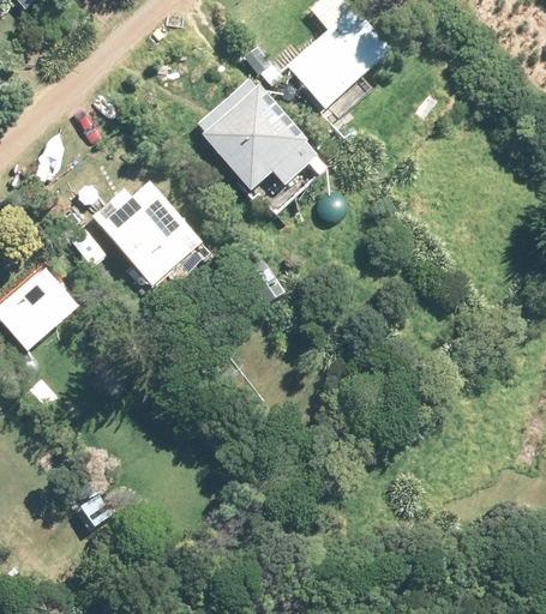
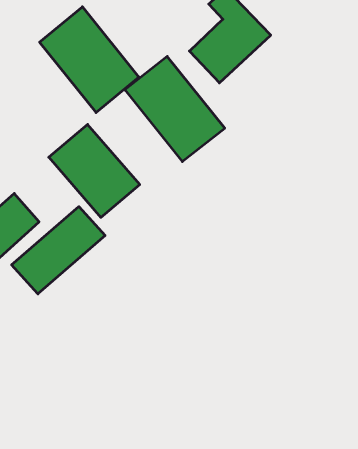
building: none -> [40,7,139,113]
building: none -> [12,207,105,294]

